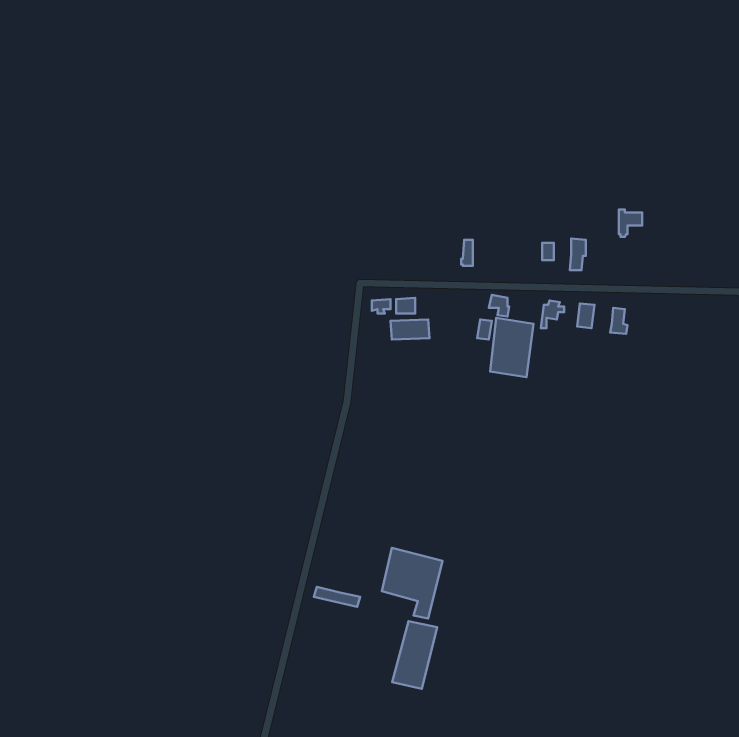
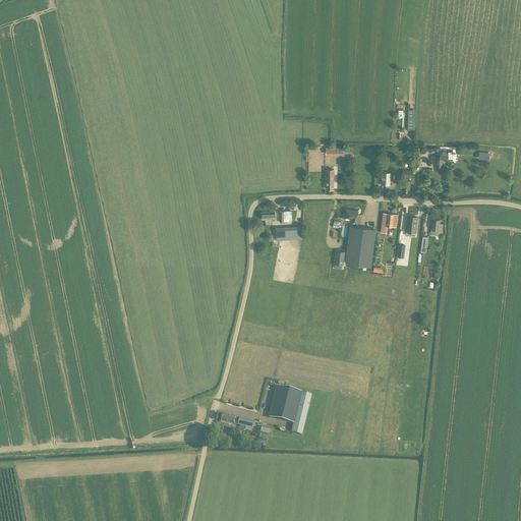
building: [392,621,437,689] -> none

